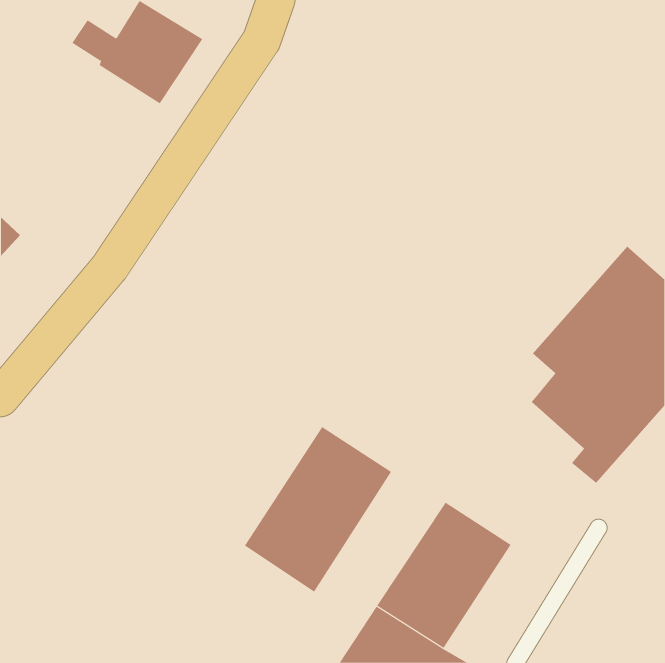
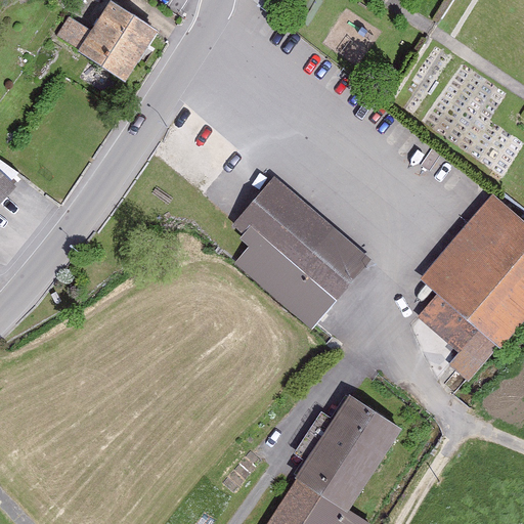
building: none -> [233,176,373,329]
building: [244,426,392,593] -> none

